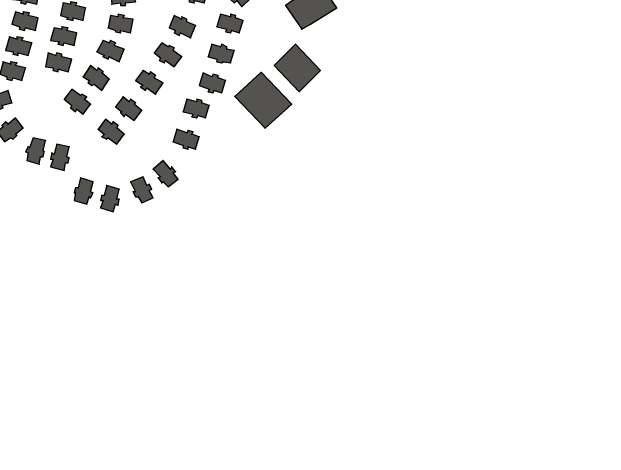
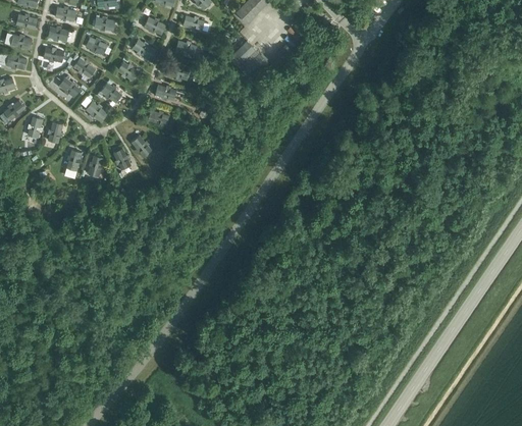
building: [235,72,292,128] -> none

